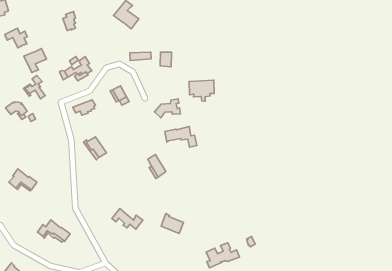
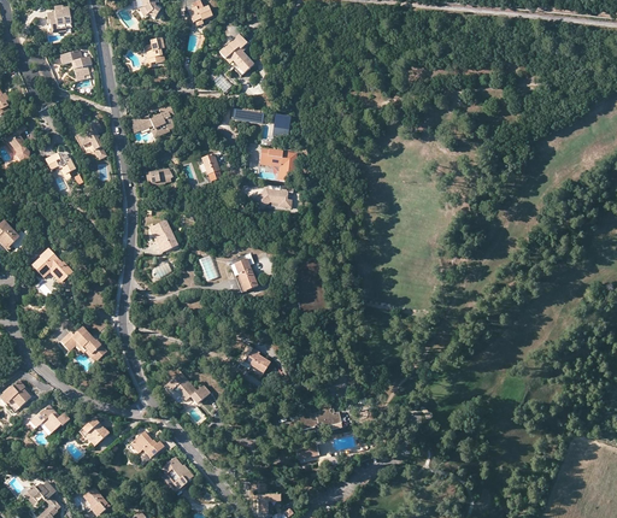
building: [24,48,47,73] -> none
building: [189,80,214,101] -> [258,149,295,181]
building: [165,127,197,147] -> none
building: [112,209,143,229] -> [166,371,210,404]

